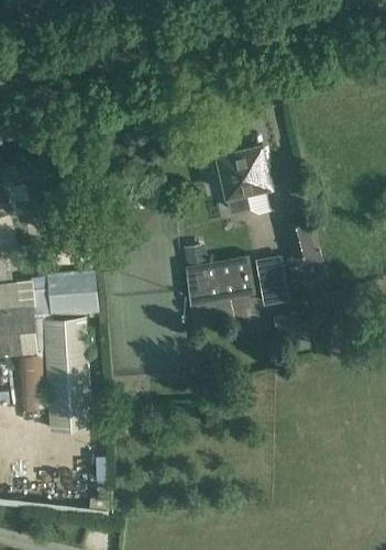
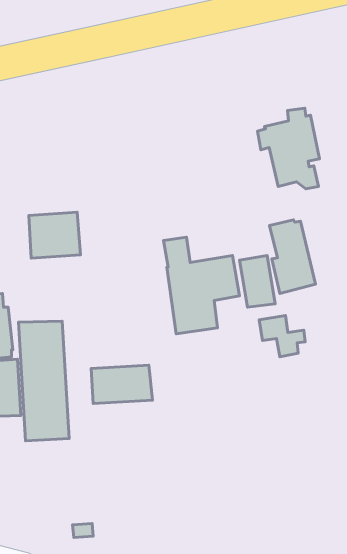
building: [212,138,272,215] -> [257,108,320,189]
building: [48,272,98,316] -> [29,212,81,258]
building: none -> [91,365,152,404]

